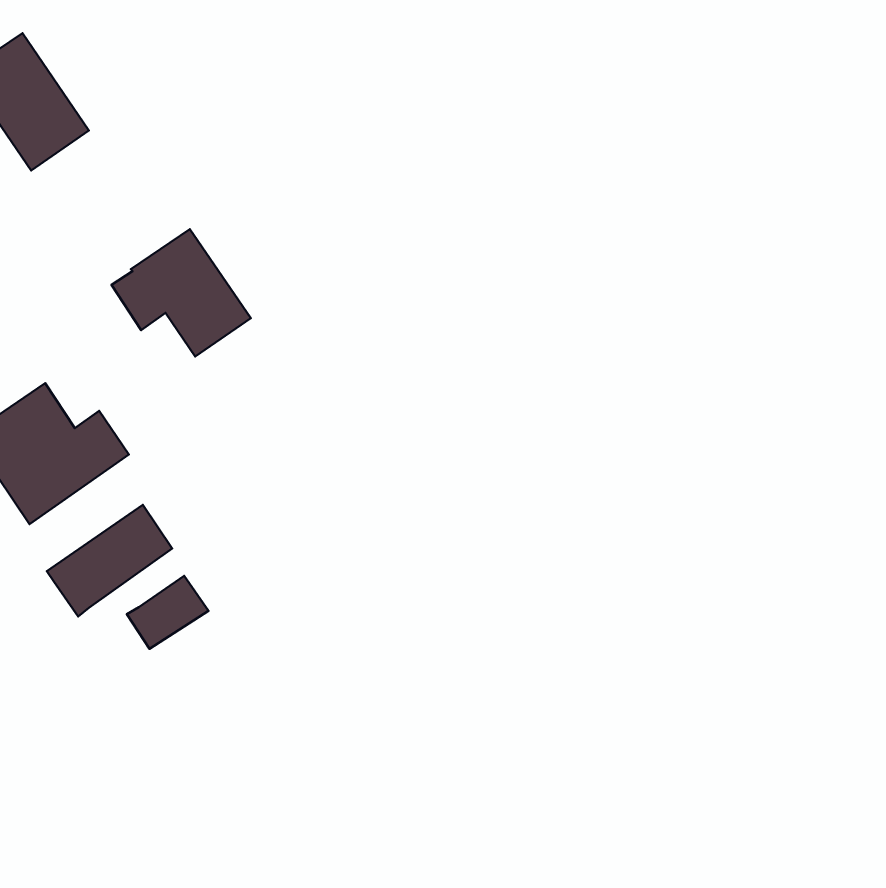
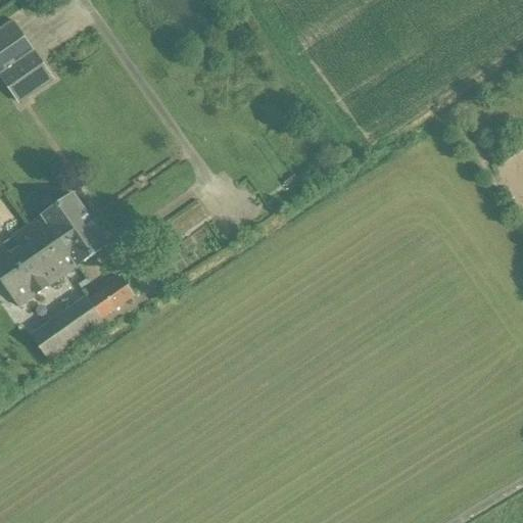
building: [112,229,251,356] -> [27,192,108,267]
building: [127,576,209,649] -> [86,276,134,319]

